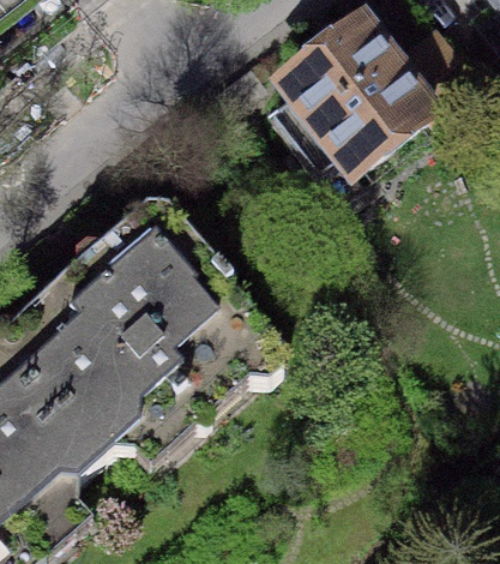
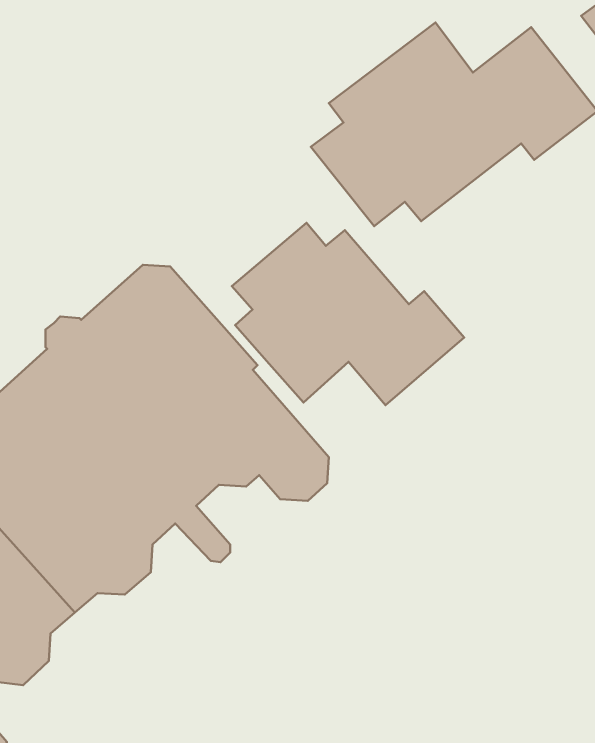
building: none -> [232,223,464,405]

